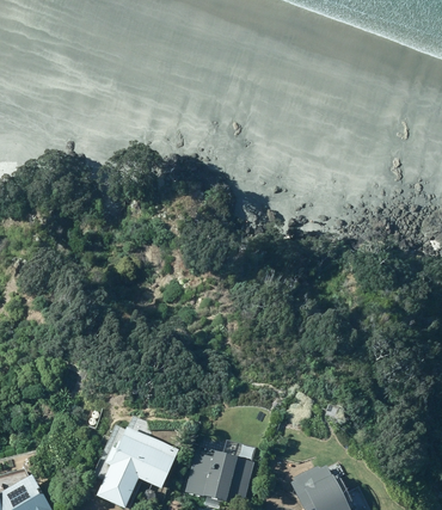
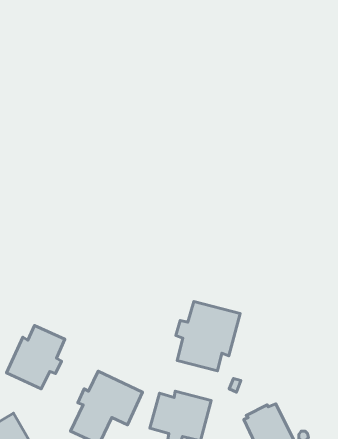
building: none -> [176,301,240,371]
building: none -> [6,326,65,389]

